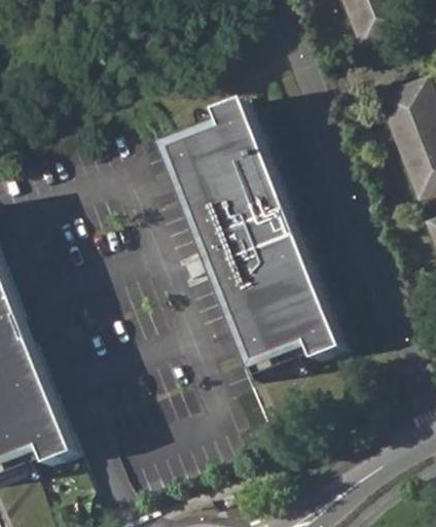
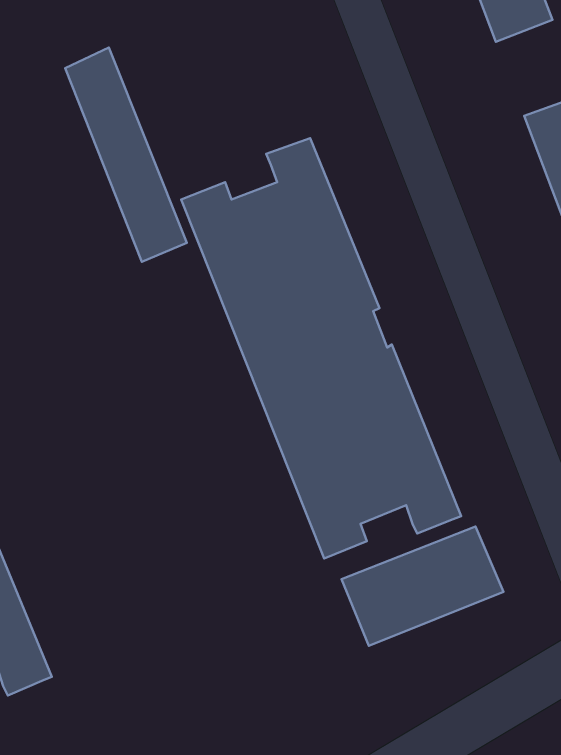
building: none -> [65,47,187,262]
building: none -> [341,526,504,646]

